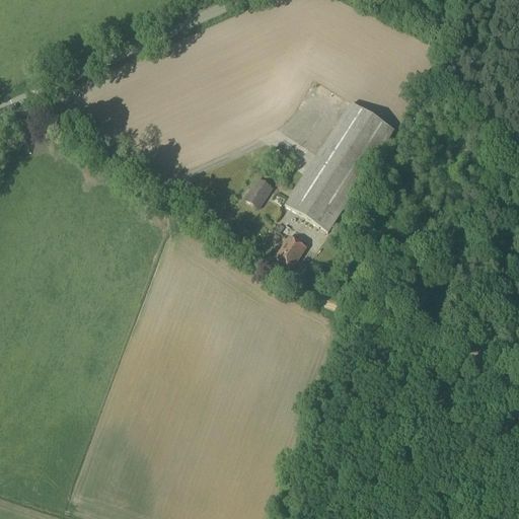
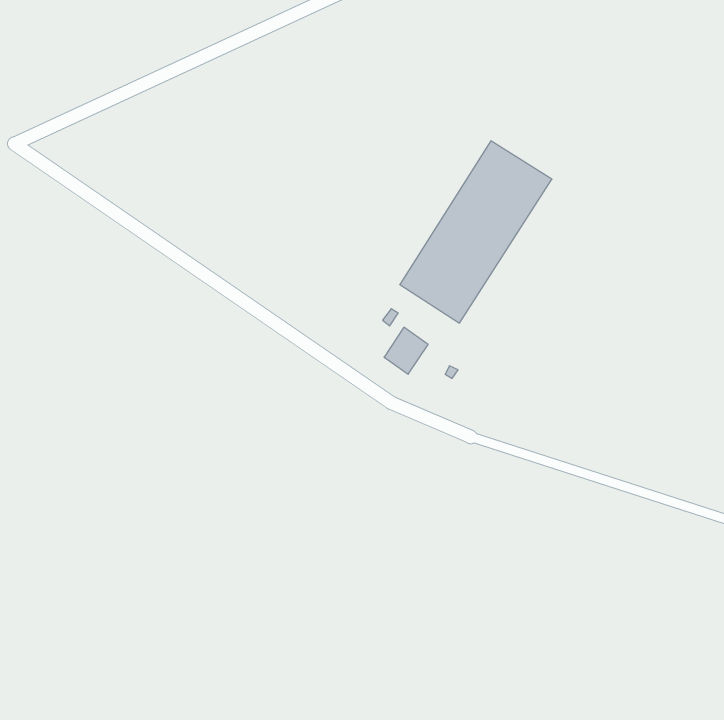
building: [246,176,273,206] -> none

